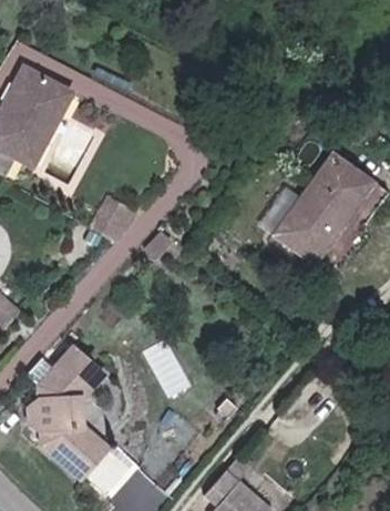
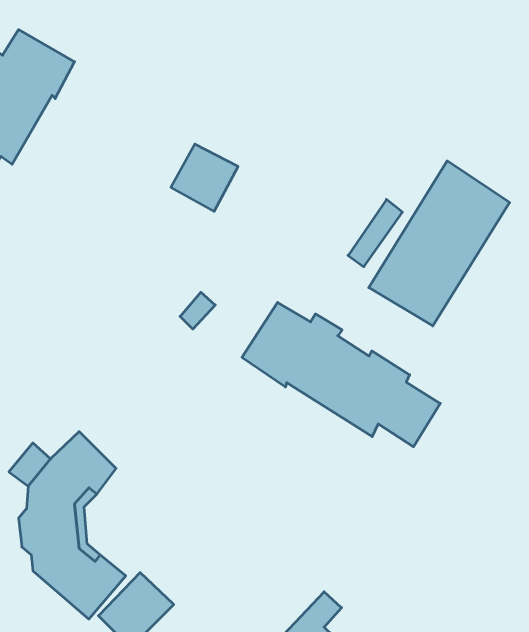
building: [90,193,136,239] -> [171,144,238,211]
building: none -> [242,302,440,447]

